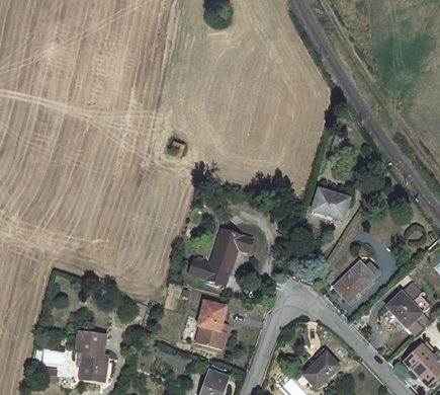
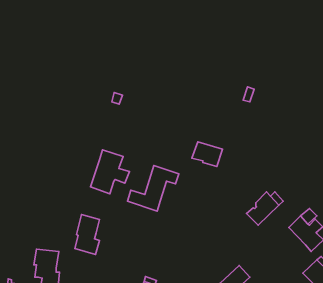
building: [312,188,349,219] -> [192,142,223,167]
building: none -> [90,150,129,194]
building: [195,300,226,348] -> [75,215,100,254]

